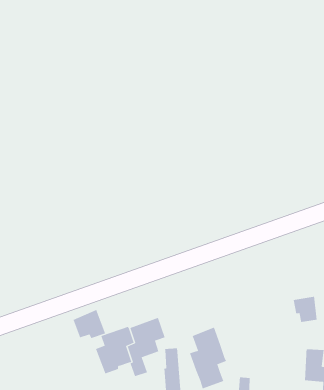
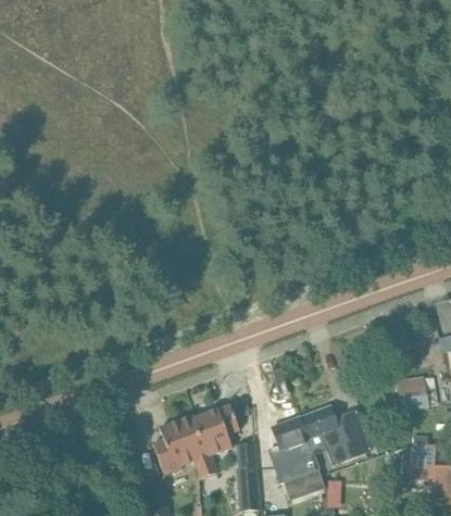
building: [73,309,106,339] -> none
building: none -> [300,405,369,464]

